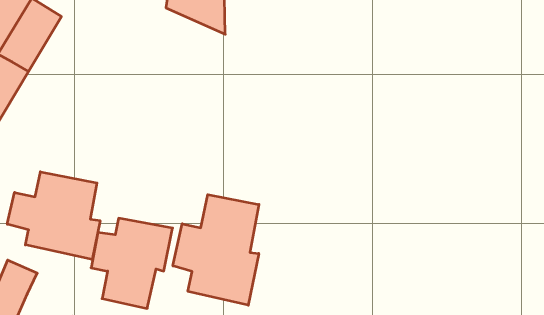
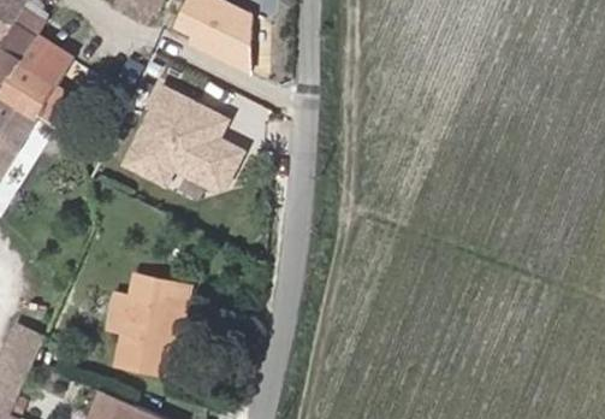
building: none -> [118,82,247,197]
building: [7,172,100,260] -> none
building: [173,195,259,305] -> none

